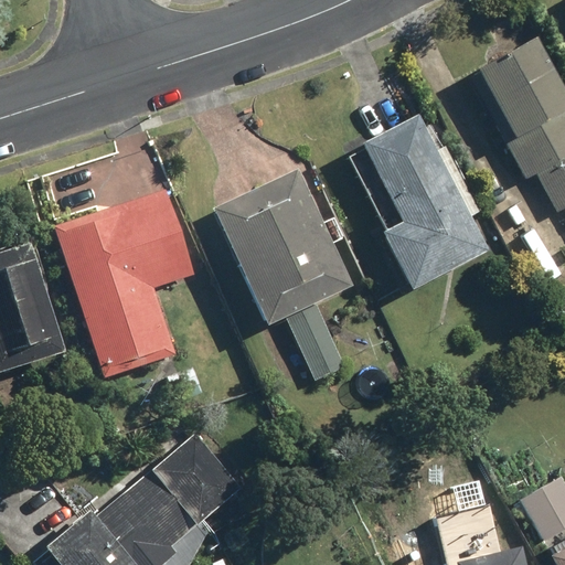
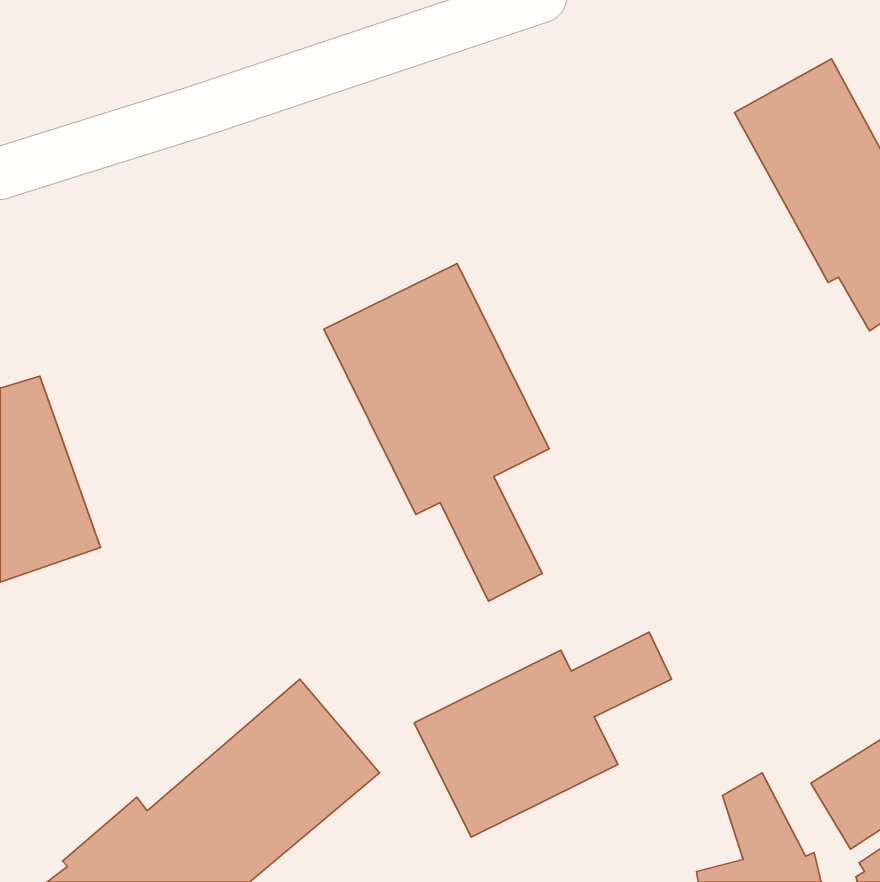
building: [361,115,488,294] -> none
building: [53,189,195,376] -> none
building: none -> [414,632,671,837]

